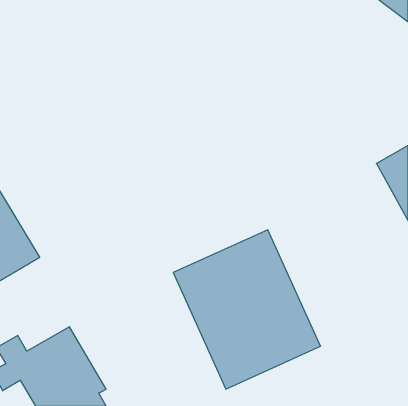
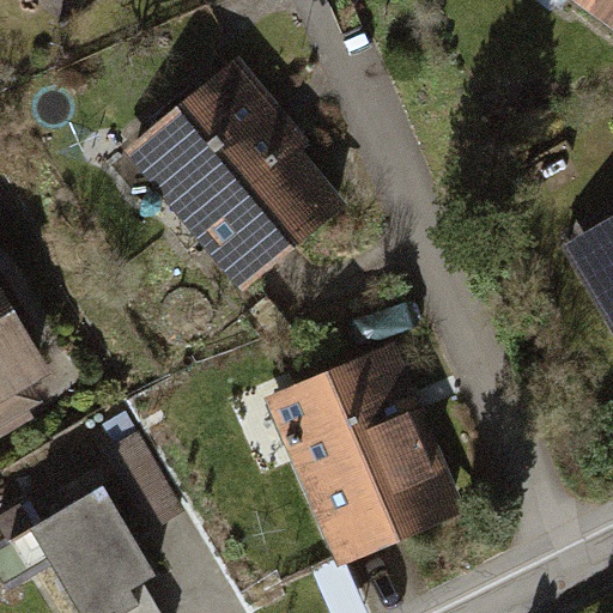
building: none -> [121,55,354,293]

